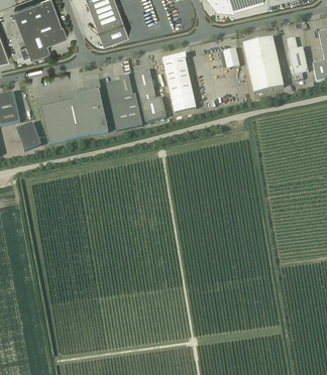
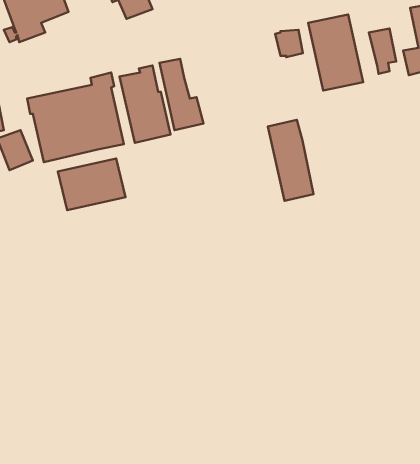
building: [161,53,195,113] -> [268,120,313,201]
building: none -> [58,158,126,210]

